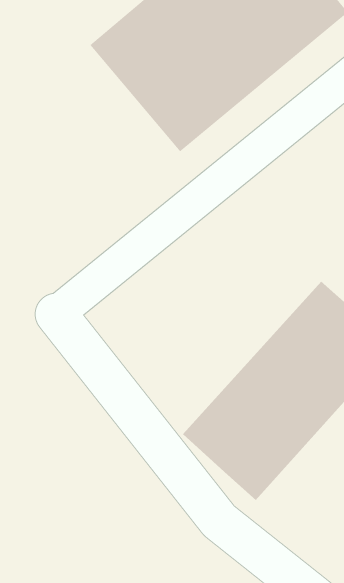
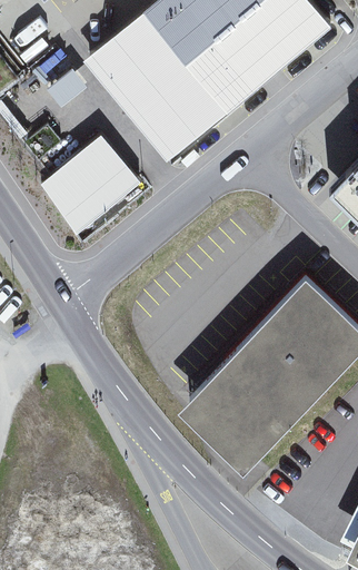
building: none -> [39,137,141,236]

